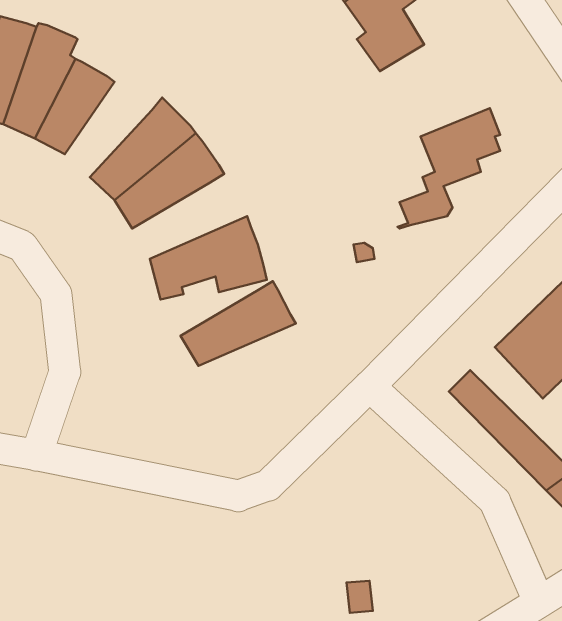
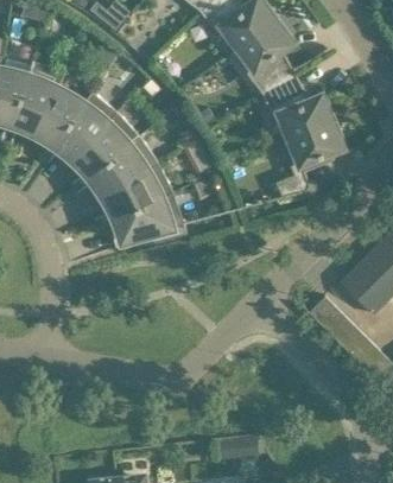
building: none -> [262,77,336,139]
building: none -> [51,93,116,166]
building: [181,281,296,366] -> [96,164,173,221]

